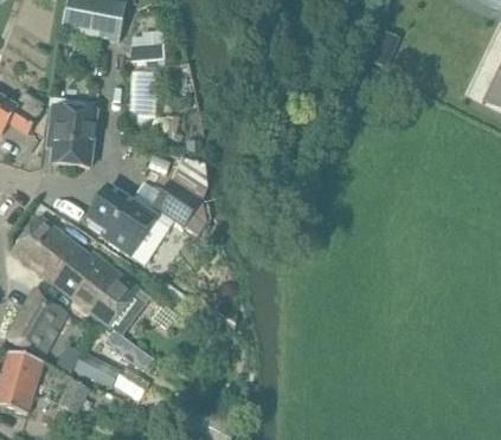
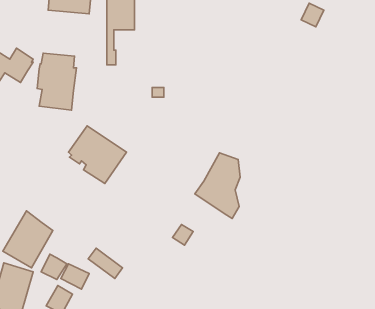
building: [153,156,207,235] -> [195,153,240,218]
building: [13,216,140,328] -> none

